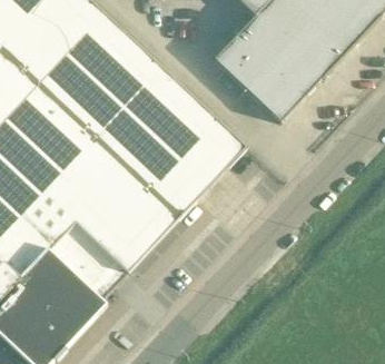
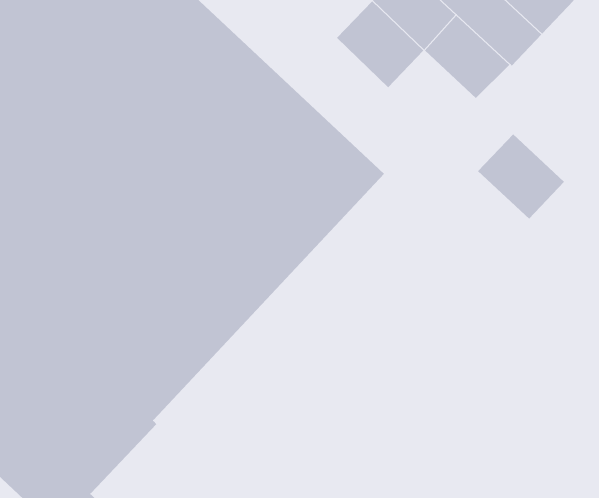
building: [247,68,302,121] -> [477,134,565,219]

